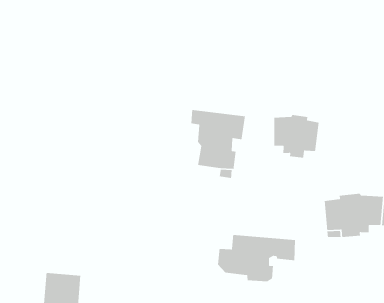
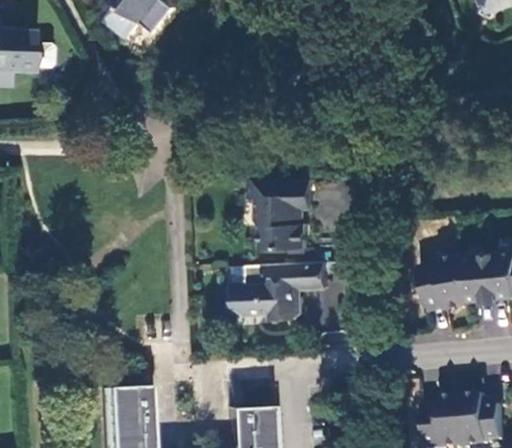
building: [273,114,319,158] -> none
building: [217,234,296,282] -> [235,260,329,318]

